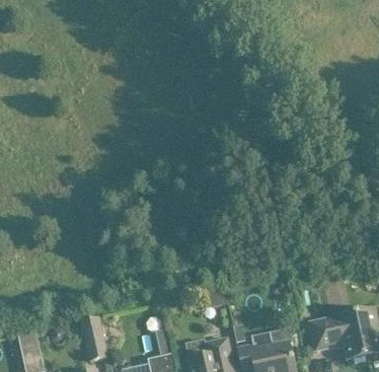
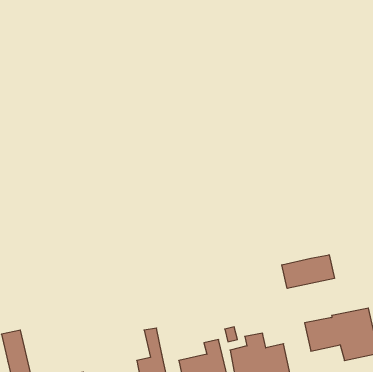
building: none -> [282,255,334,288]
building: [81,316,107,359] -> none

